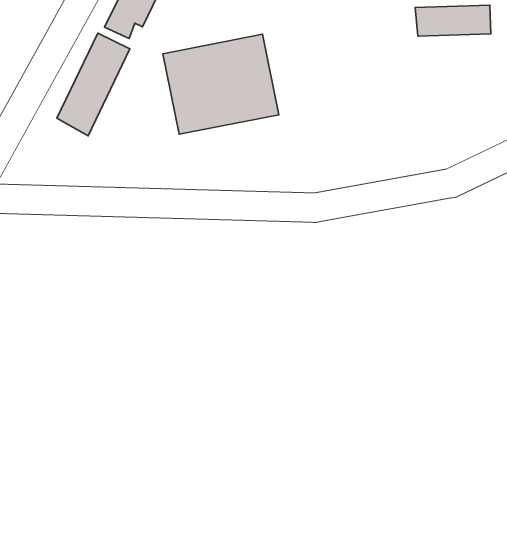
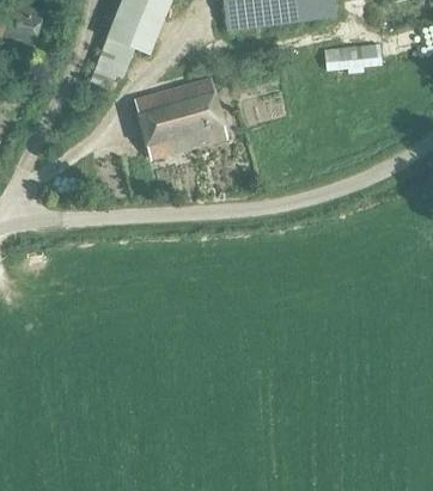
building: [57,33,130,136] -> none

